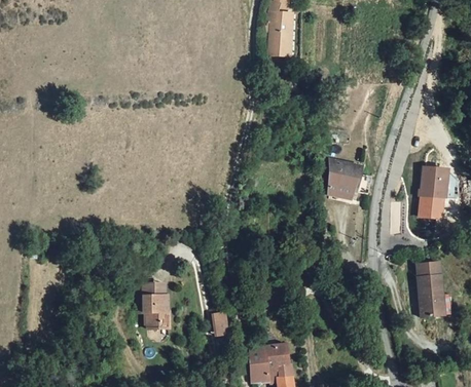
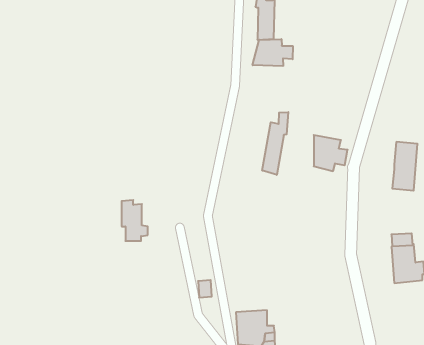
building: none -> [253,39,293,66]
building: none -> [262,112,288,175]
building: [143,283,171,326] -> [122,200,148,241]

